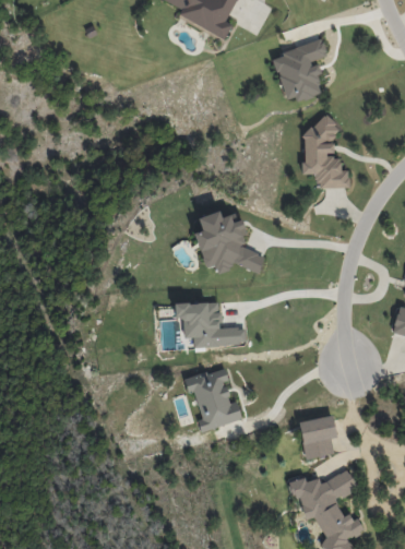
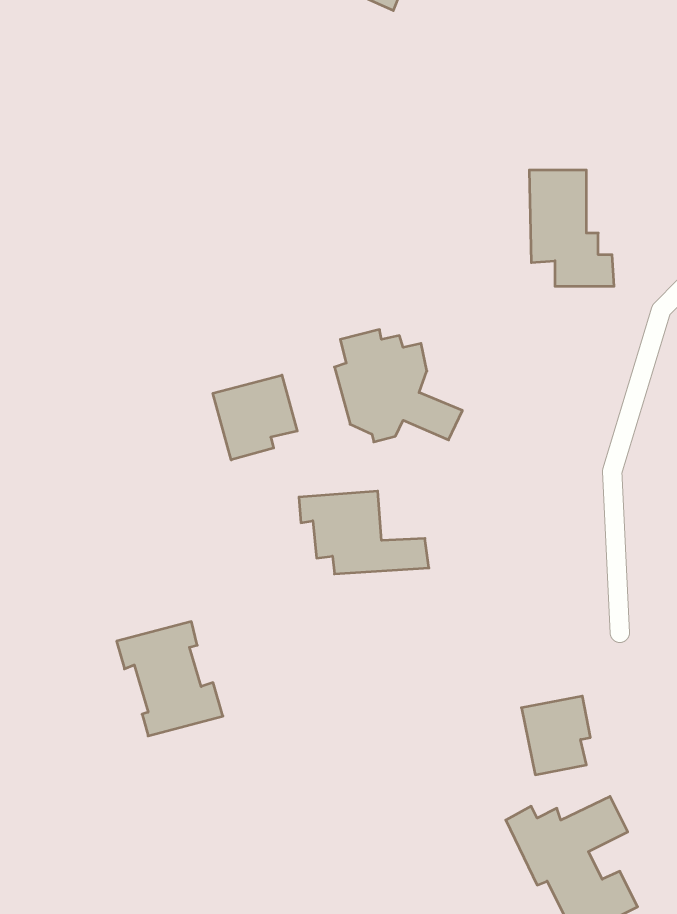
building: [273,40,329,104] -> none
building: none -> [213,375,297,460]
building: [184,368,243,431] -> [117,622,223,736]

